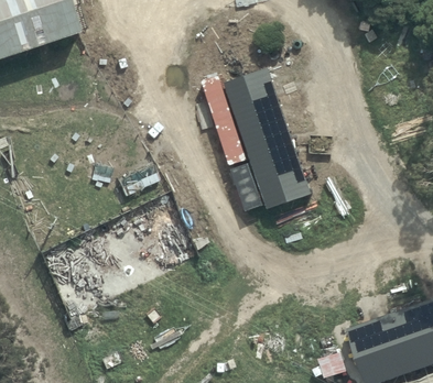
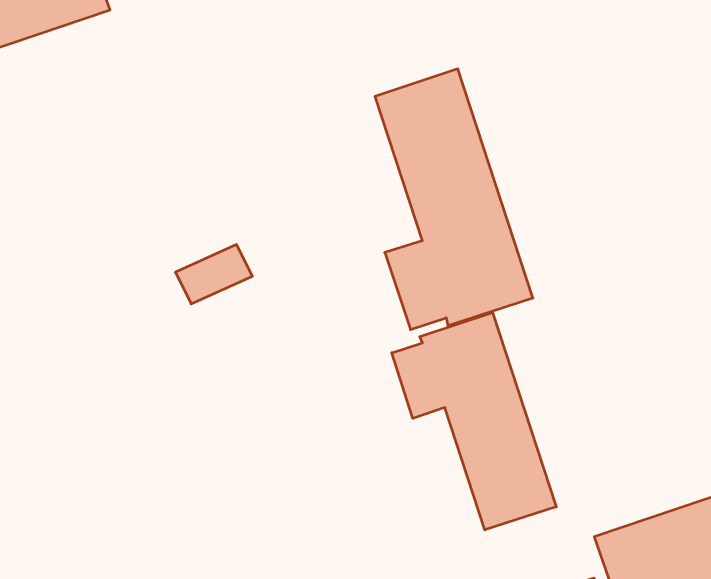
building: none -> [392,313,556,530]

